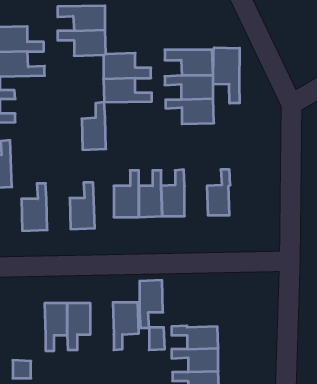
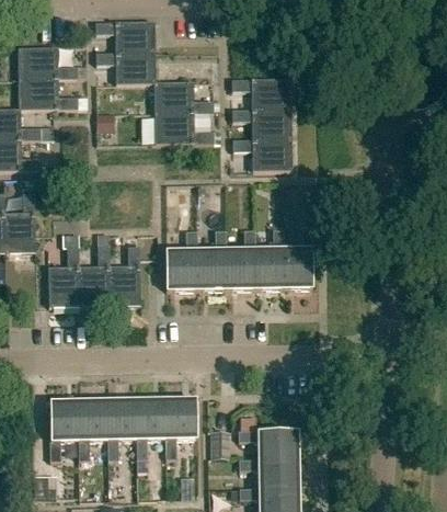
building: [213,48,240,103] -> none
building: [82,102,106,150] -> [80,246,111,306]
building: none -> [255,229,285,288]
building: [140,280,163,328] -> [136,398,165,458]
building: none -> [49,399,79,460]

